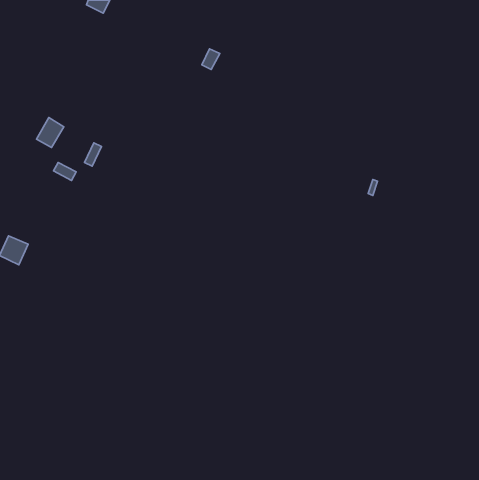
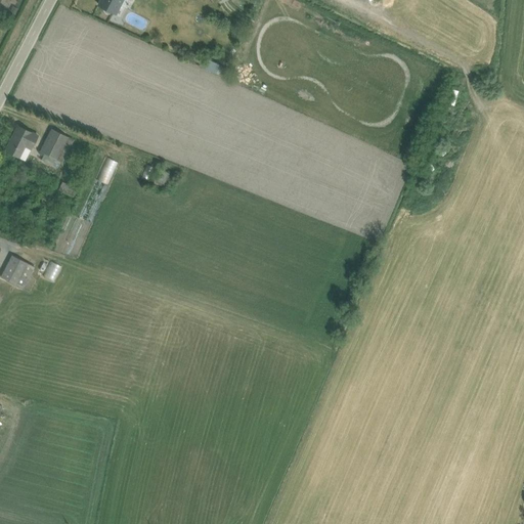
building: none -> [6,124,41,159]

